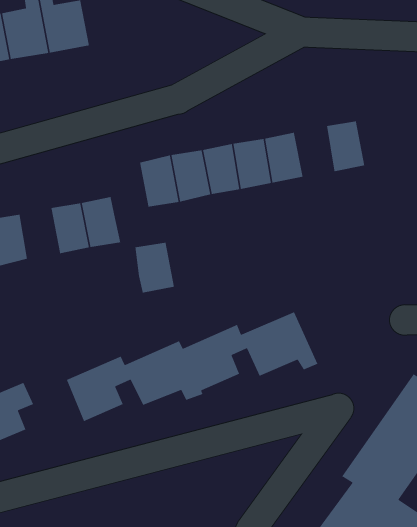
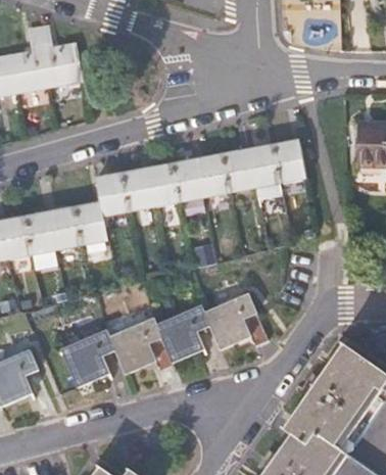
building: none -> [247,145,279,187]
building: none -> [26,211,57,253]
building: [134,242,175,294] -> [96,175,129,217]

